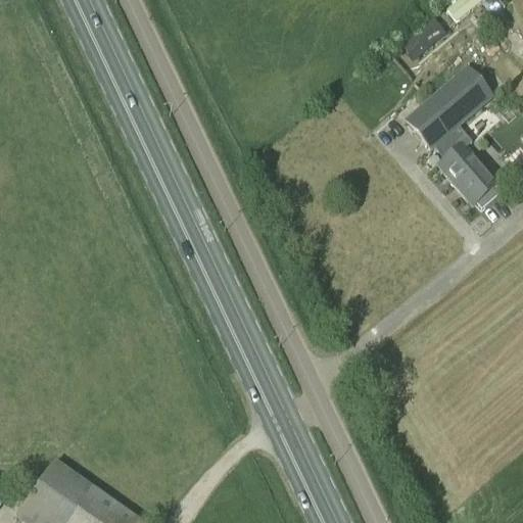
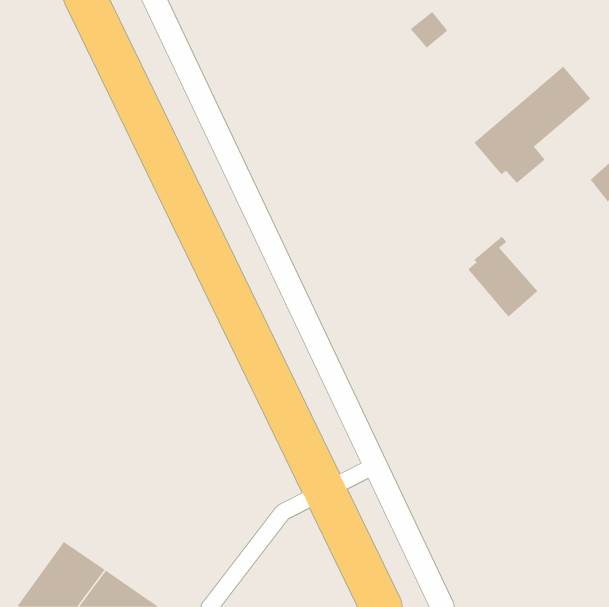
building: [402,25,435,56] -> [410,11,448,48]
building: [438,136,498,205] -> [468,236,538,317]

